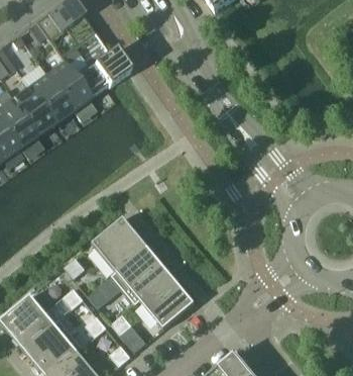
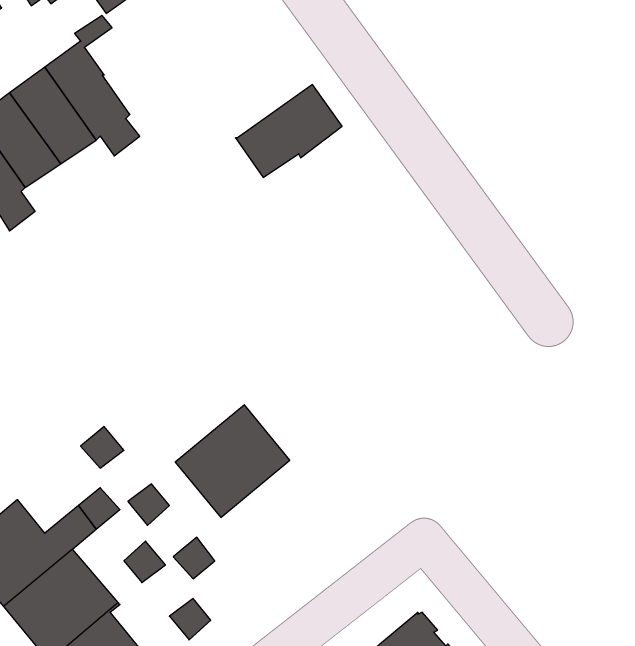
building: [74,49,128,96] -> [235,85,342,177]
building: [92,216,146,274] -> none
building: [134,273,194,327] -> none

